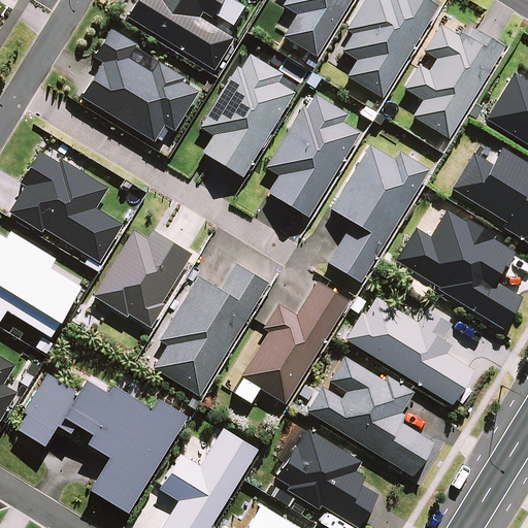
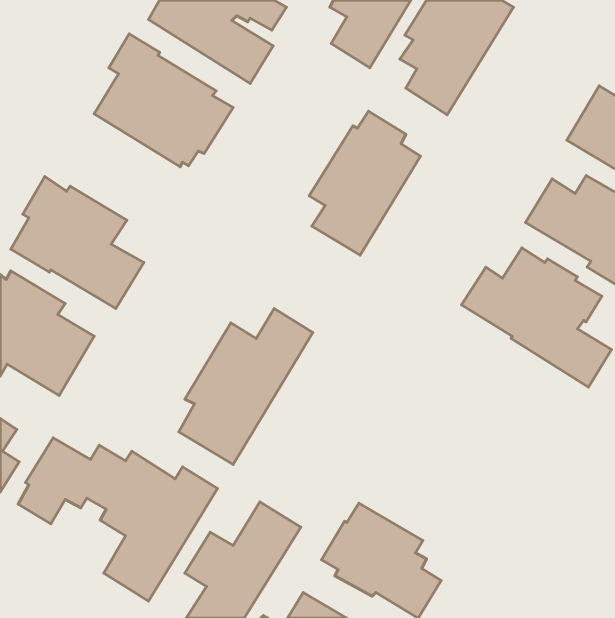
building: [404,25,506,140] -> none
building: [200,54,297,177] -> none
building: [328,144,430,283] -> none
building: [93,229,193,328] -> none
building: [235,282,350,403] -> none
building: [346,297,474,405] -> none
building: [307,356,434,476] -> none

